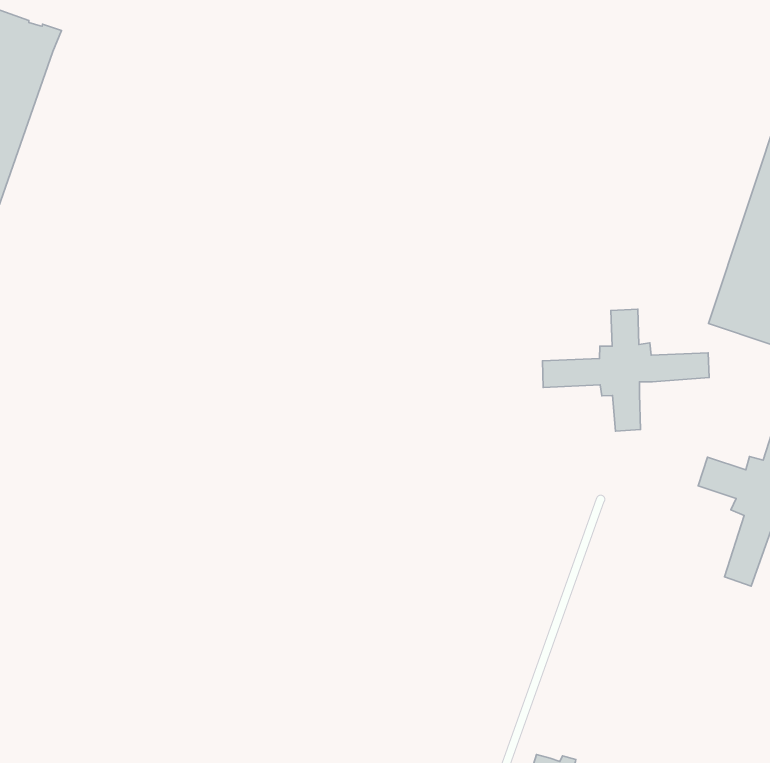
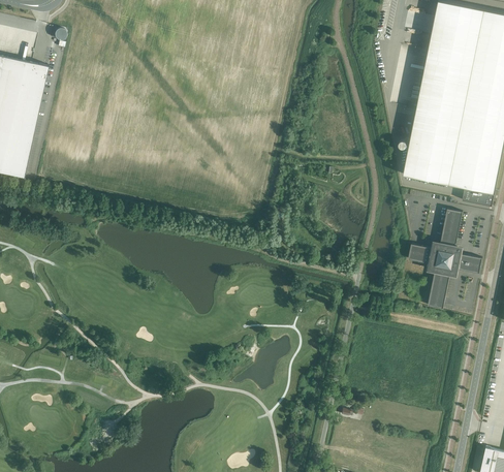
building: [542,309,709,431] -> none

